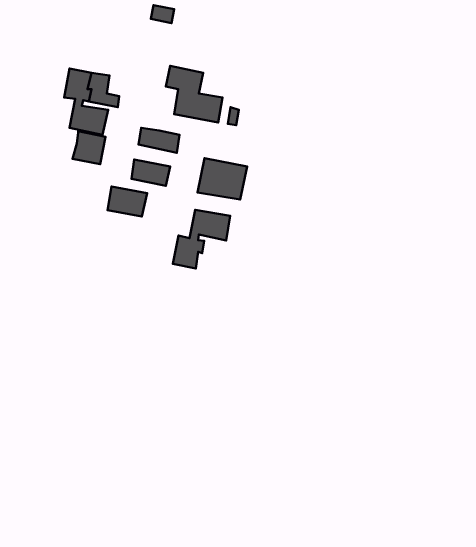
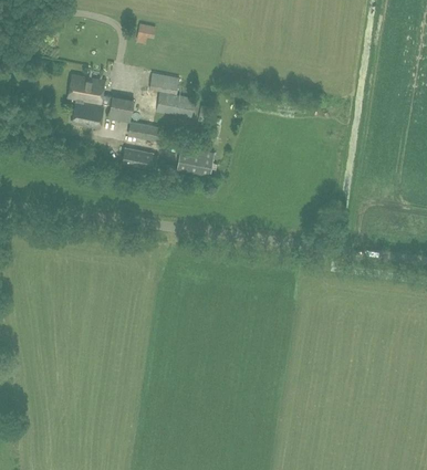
building: [73,131,106,164] -> [107,95,134,122]
building: [107,186,147,217] -> none
building: [173,210,230,268] -> none

